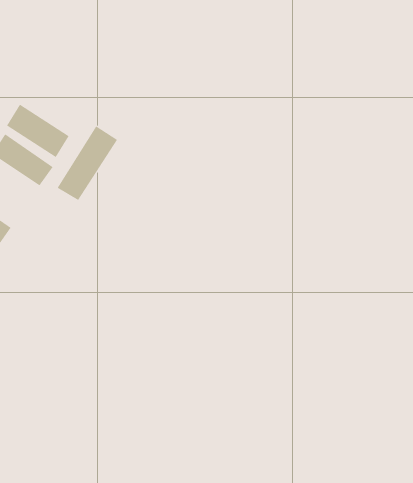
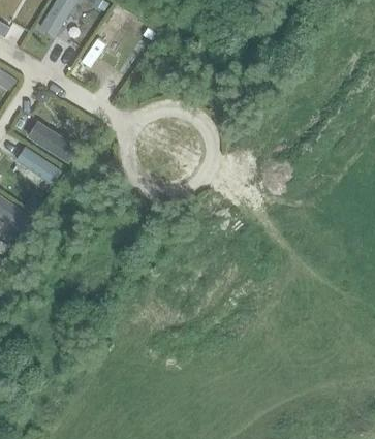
building: [57,126,118,201] -> none

